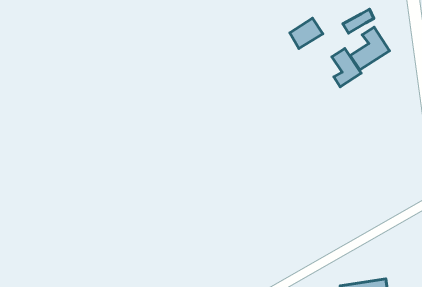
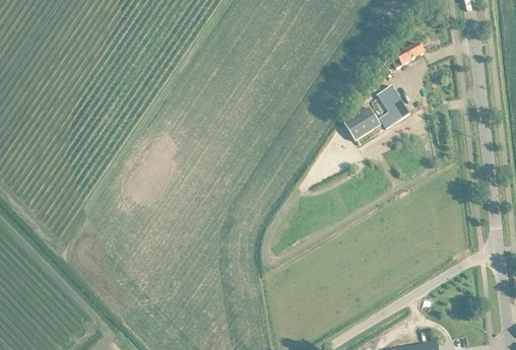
building: [290,18,323,48] -> [344,107,381,140]
building: [350,27,390,70] -> none

